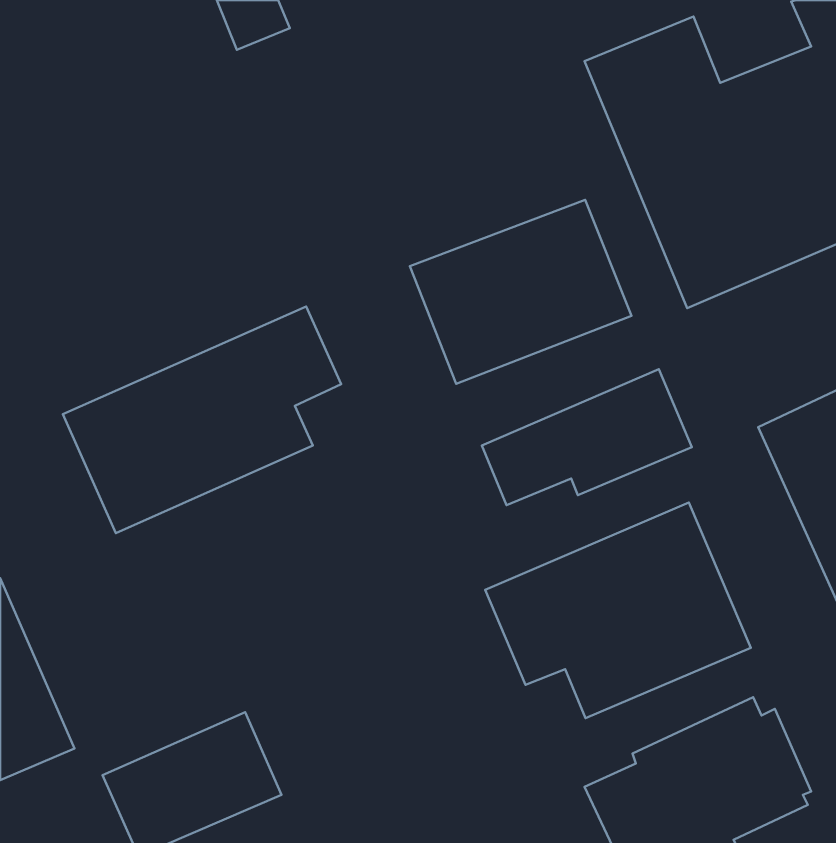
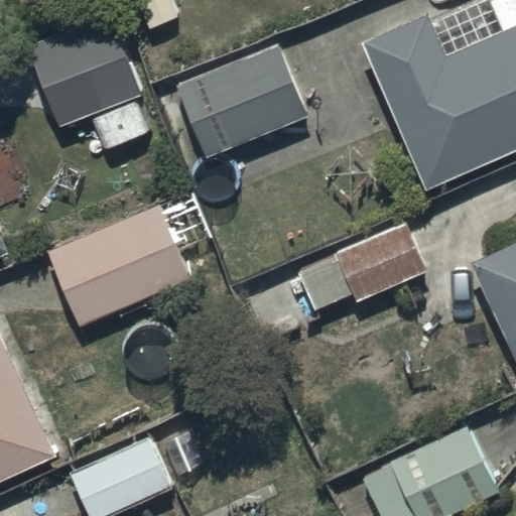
building: none -> [26,10,150,149]
building: [410,200,632,384] -> [175,46,310,158]
building: [485,503,751,718] -> none

